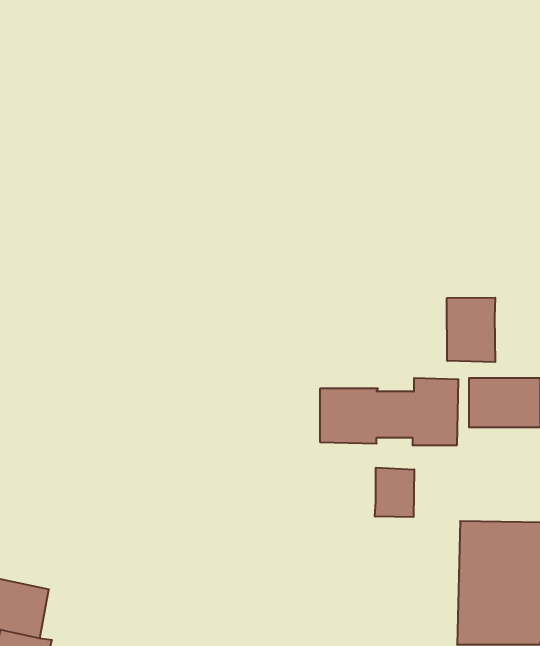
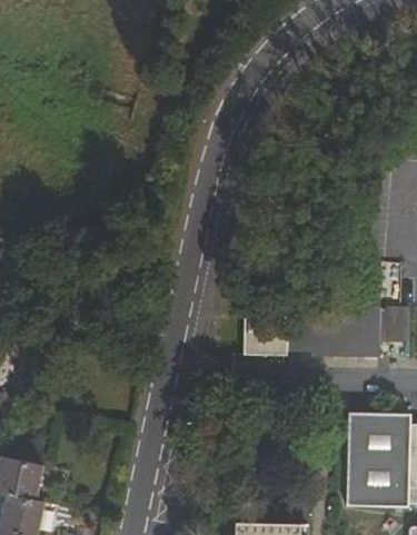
building: [447,298,495,362] -> none
building: [375,468,414,517] -> none

